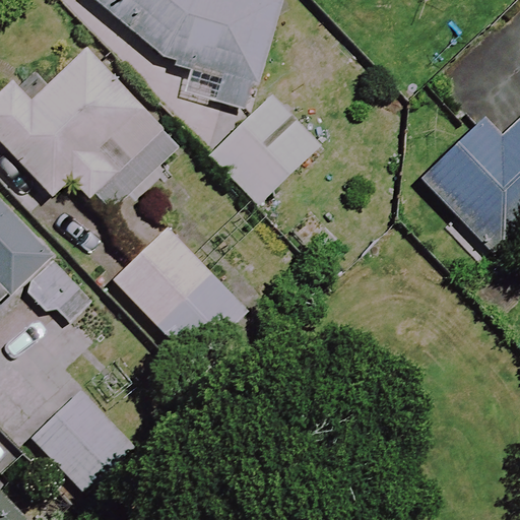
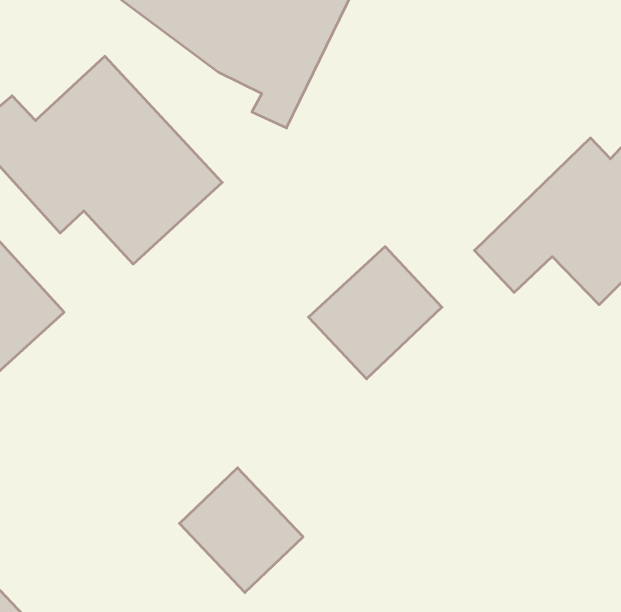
building: [209,94,319,203] -> [308,247,442,379]
building: [113,226,236,351] -> none
building: [32,389,134,492] -> [179,468,303,593]

